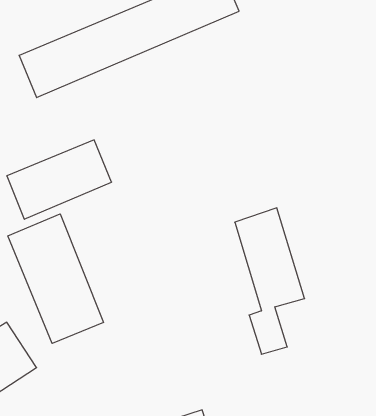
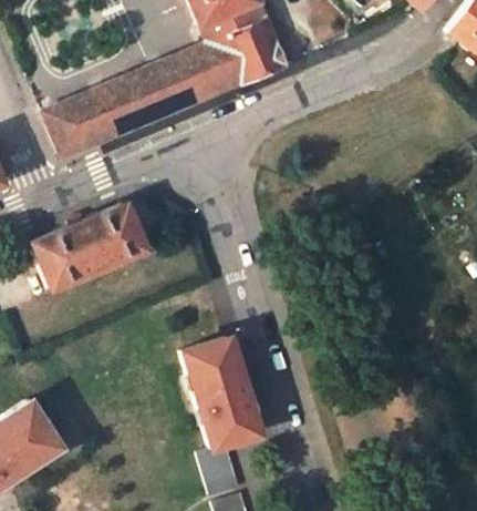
building: [235,208,305,354] -> [185,337,260,494]
building: [8,214,103,343] -> none

